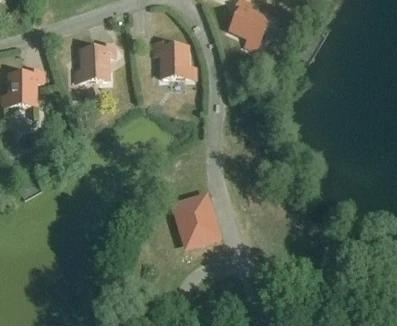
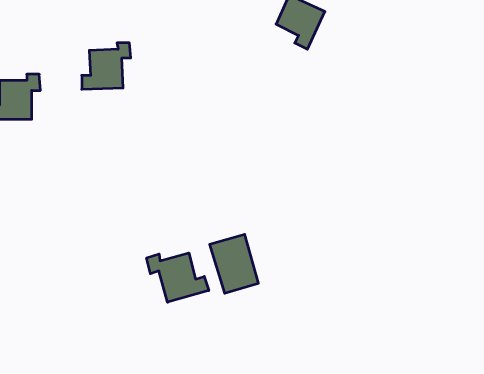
building: [154,42,195,78] -> none
building: none -> [147,253,209,302]

